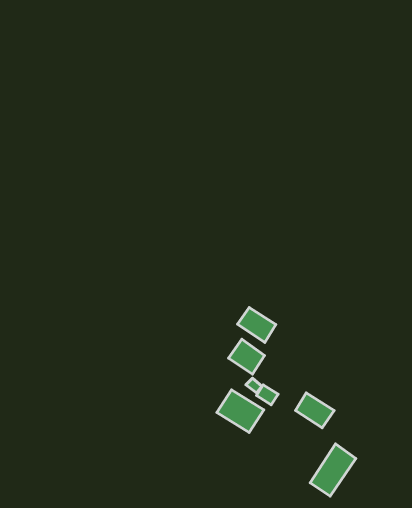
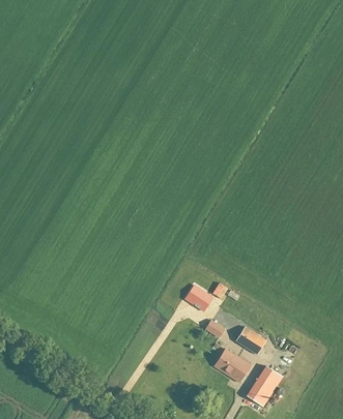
building: [237,307,276,342] -> none
building: [217,390,264,433] -> [215,348,251,381]

